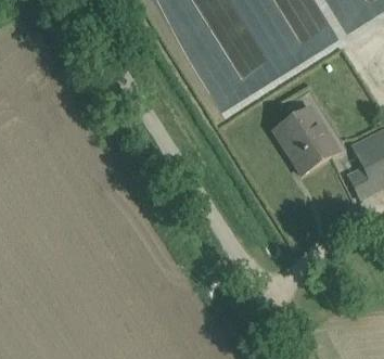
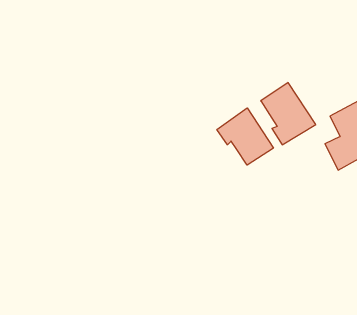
building: none -> [217,108,273,165]

